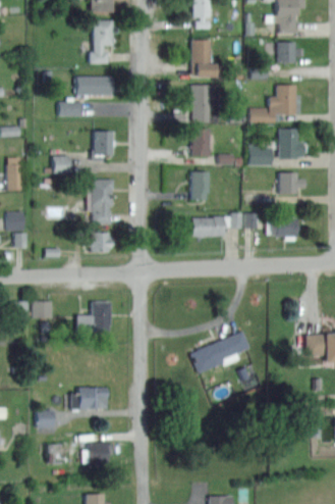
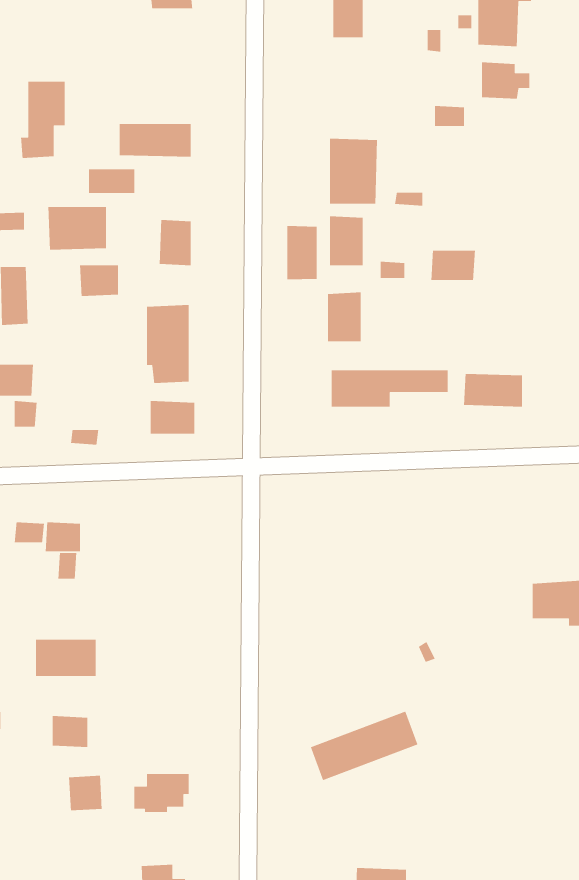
building: [89,20,114,64] -> [20,81,65,159]
building: [191,40,220,78] -> none
building: [250,86,296,122] -> none
building: none -> [47,206,107,251]
building: [280,129,306,158] -> none
building: none -> [287,225,318,280]
building: [278,172,308,195] -> none
building: [76,302,112,335] -> none
building: [190,332,252,371] -> [310,711,419,781]
building: [74,388,109,409] -> [35,639,97,677]

